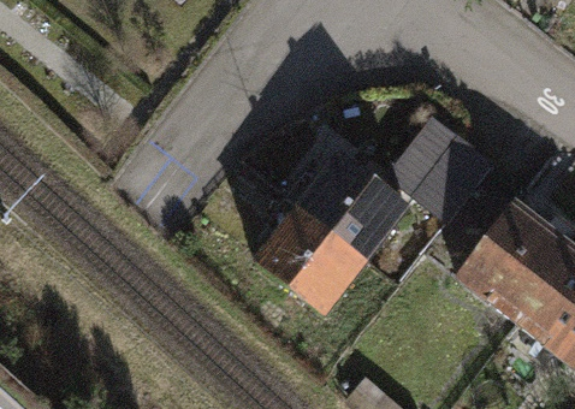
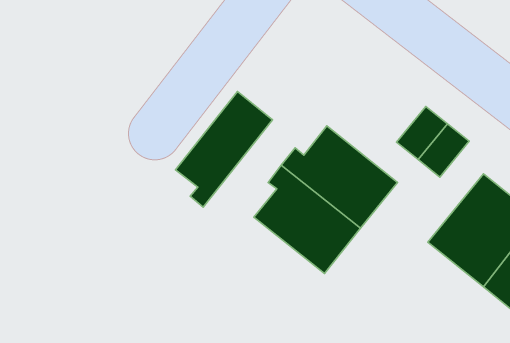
building: none -> [176,92,272,207]

